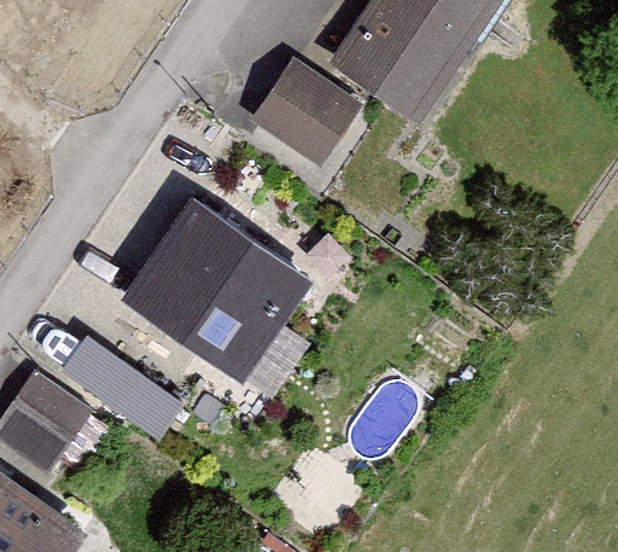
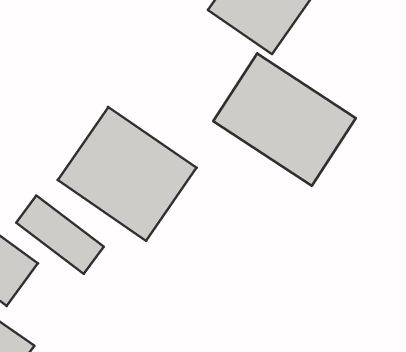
building: [249,58,361,168] -> none
building: none -> [213,53,356,186]

